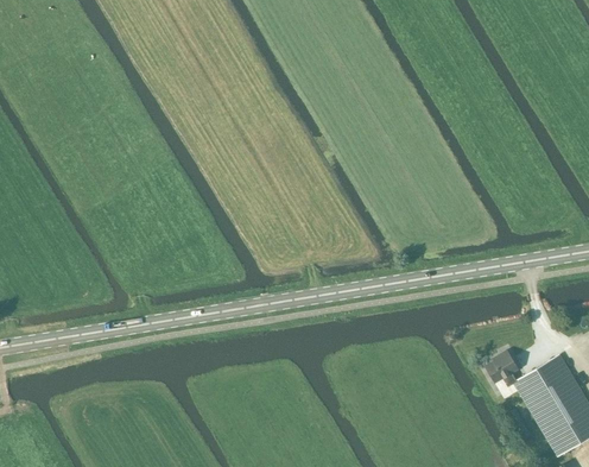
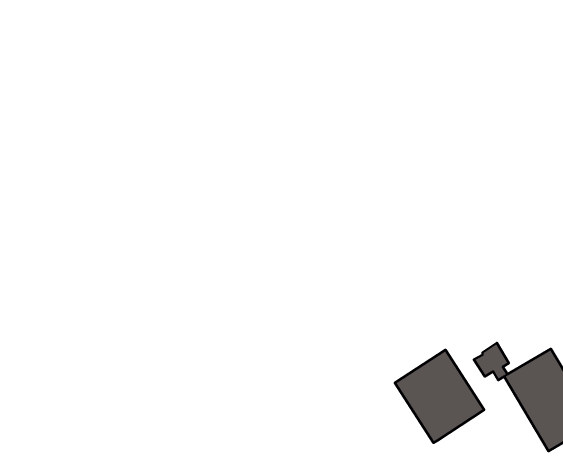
building: none -> [395,350,484,443]

